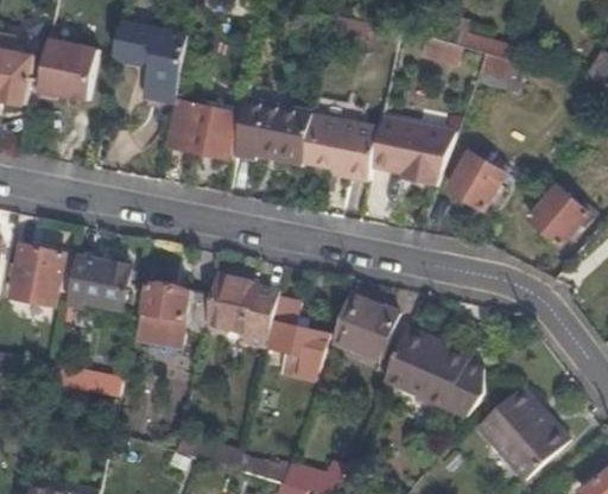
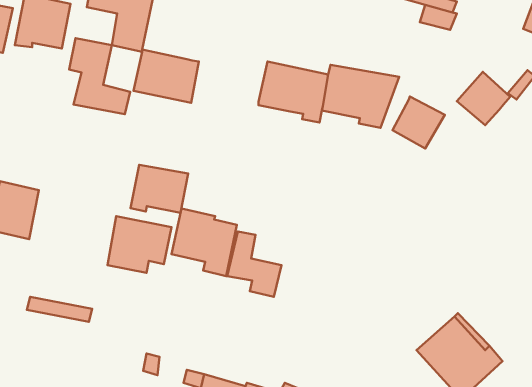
building: none -> [69,38,130,114]
building: [233,99,311,159] -> none
building: [530,185,588,243] -> [457,72,510,125]
building: [65,255,128,308] -> [130,165,188,213]
building: [332,292,399,359] -> none
building: [382,327,488,416] -> none

